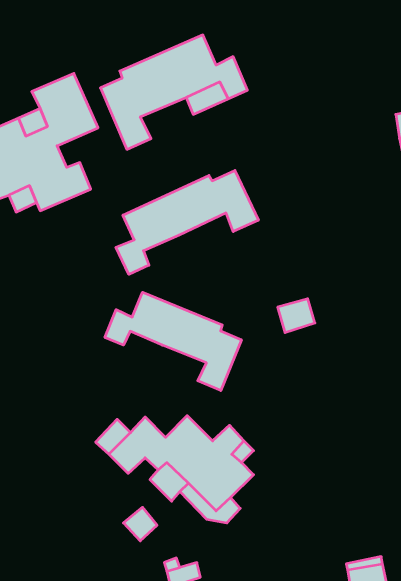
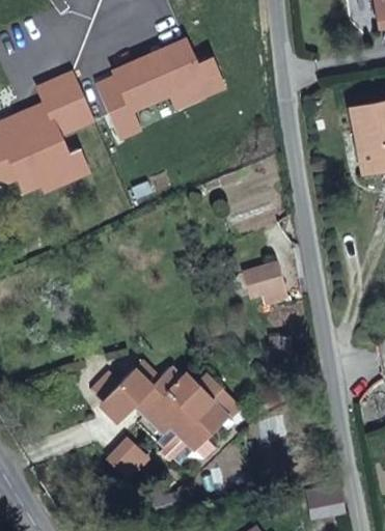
building: [116,170,258,274] -> none
building: [105,292,241,391] -> none

